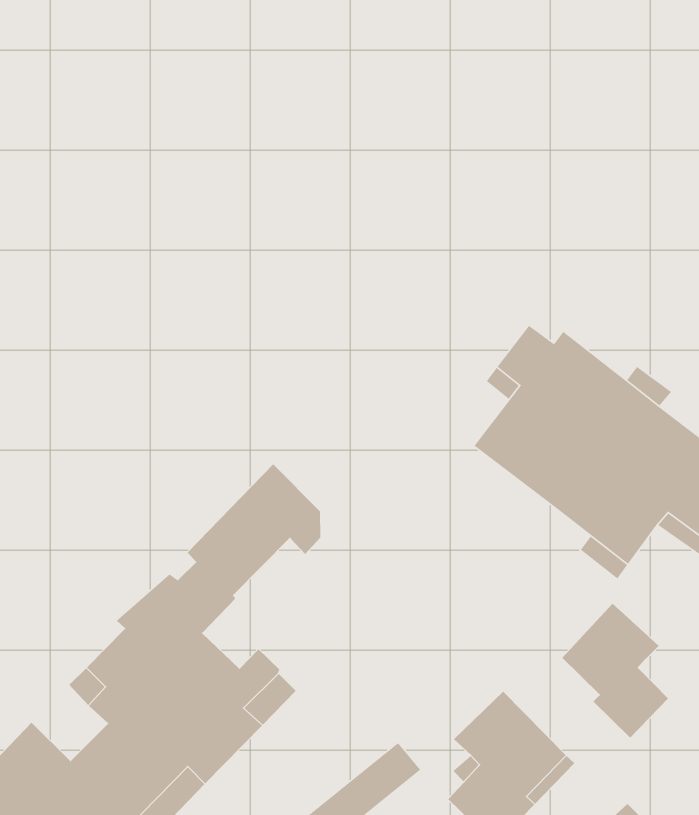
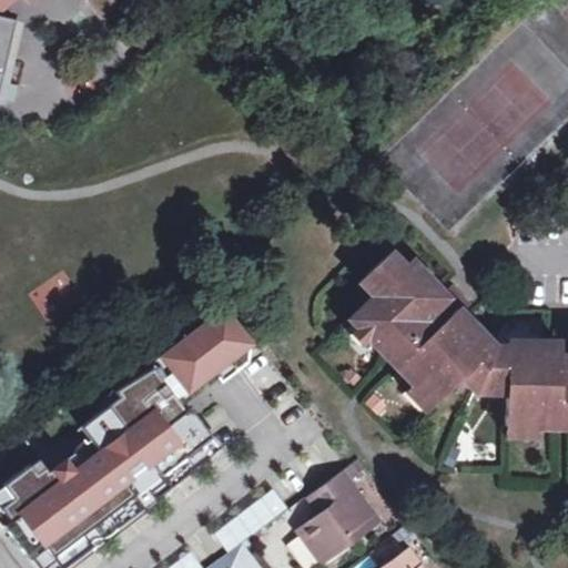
building: [561,603,669,738] -> none

